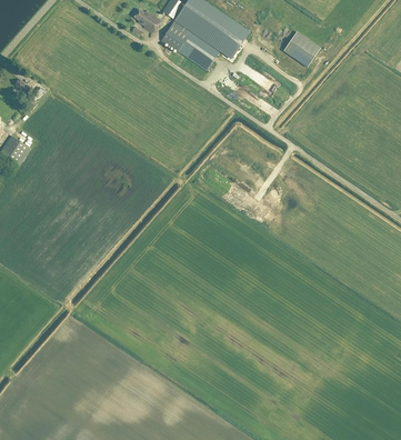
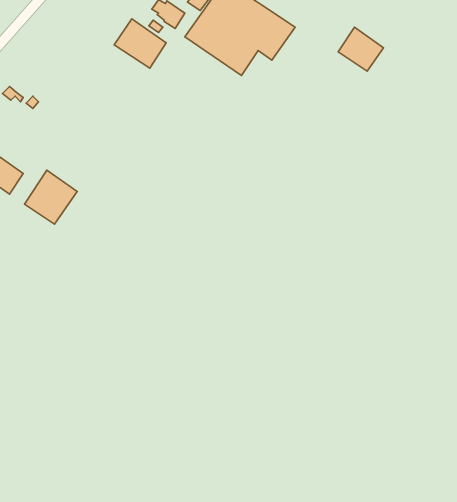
building: none -> [114,19,166,68]
building: none -> [25,170,77,224]

